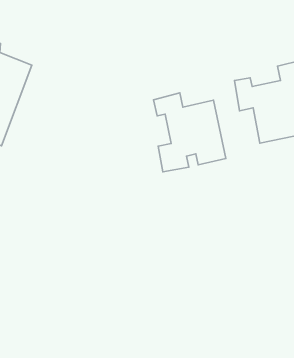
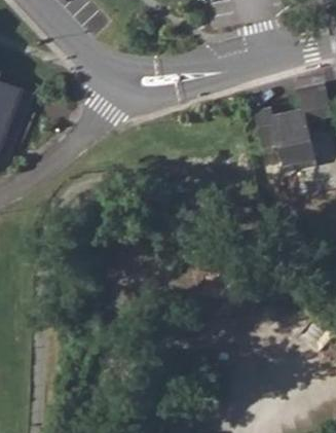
building: [154,93,226,172] -> none

